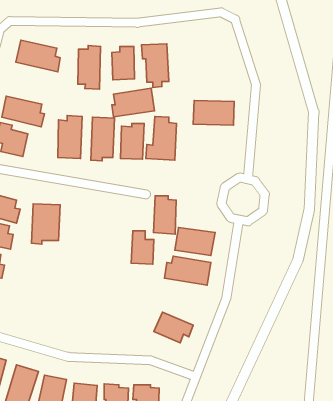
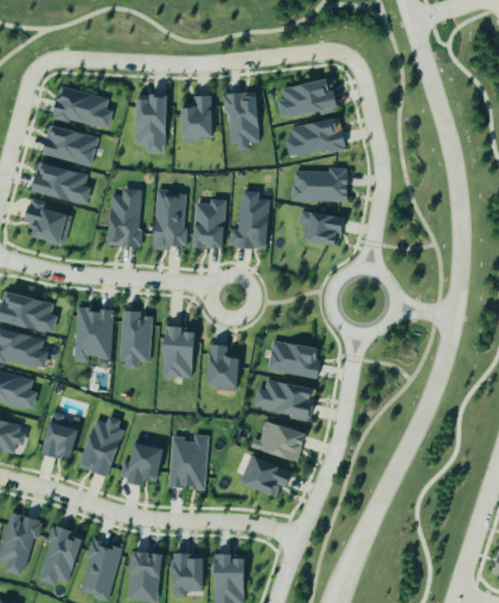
building: none -> [276,77,337,117]
building: none -> [41,123,97,167]
building: [112,88,155,117] -> [286,117,344,156]
building: none -> [298,211,344,244]
building: [153,196,176,234] -> [162,326,193,378]
building: none -> [120,312,151,368]
building: none -> [41,415,81,460]
building: none -> [81,416,123,475]
building: none -> [249,419,306,461]
building: none -> [168,435,206,488]
building: none -> [120,443,162,483]

